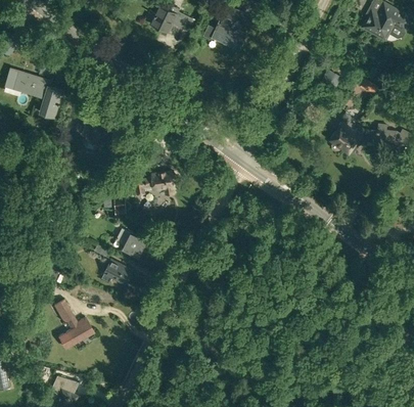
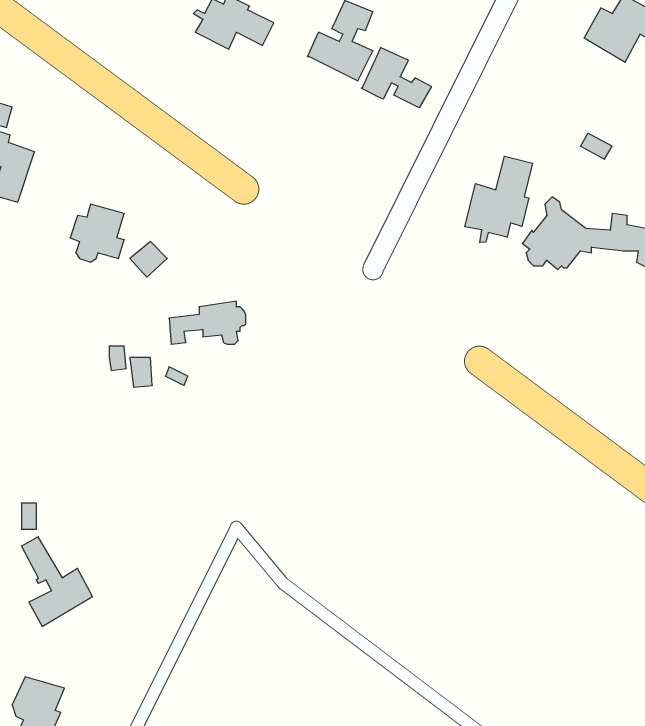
building: none -> [361,47,431,108]
building: none -> [465,156,533,243]
building: [116,229,150,263] -> none
building: [101,261,131,285] -> none

